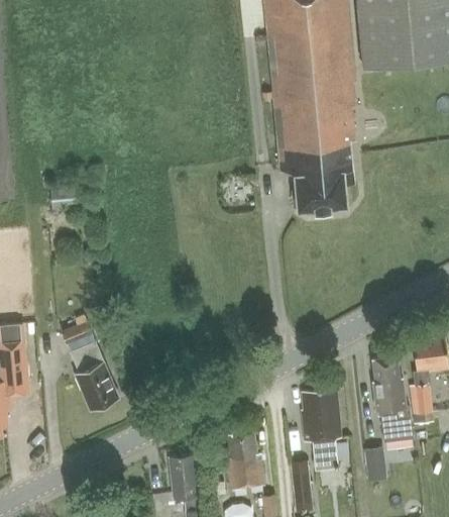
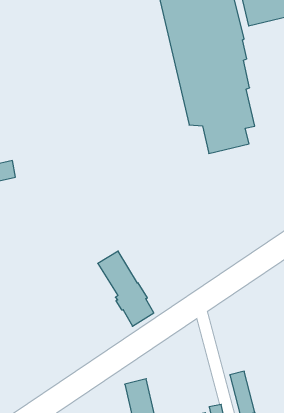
building: [61,323,117,411] -> [98,251,154,326]
building: [302,392,342,474] -> none
building: [227,433,264,492] -> none

